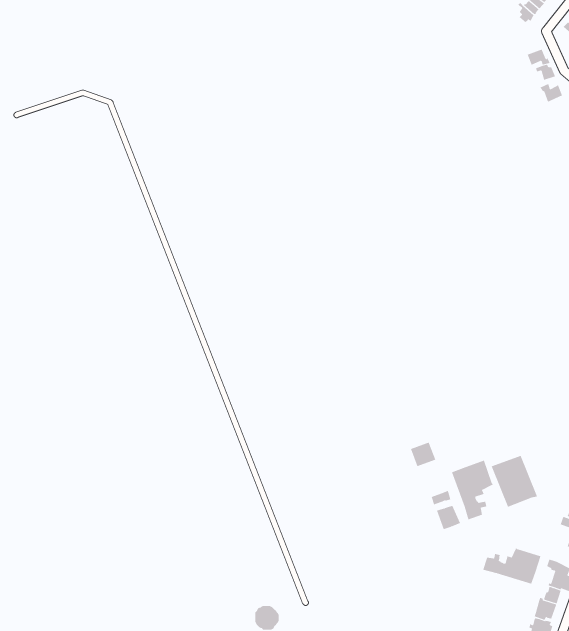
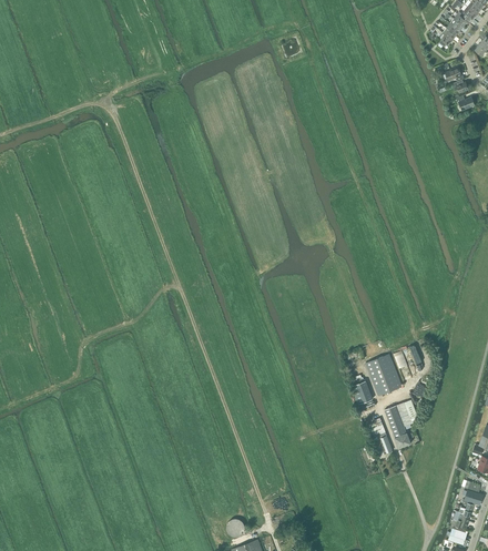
building: [491,455,538,508] -> [365,354,403,396]
building: [483,547,541,585] -> none

